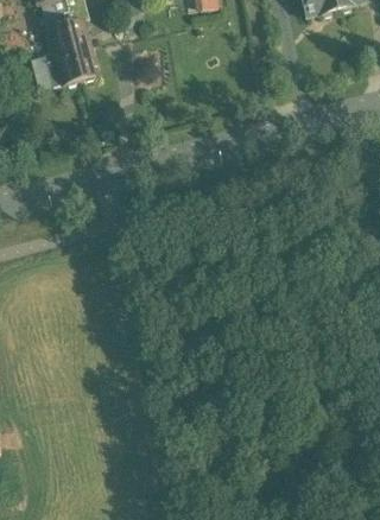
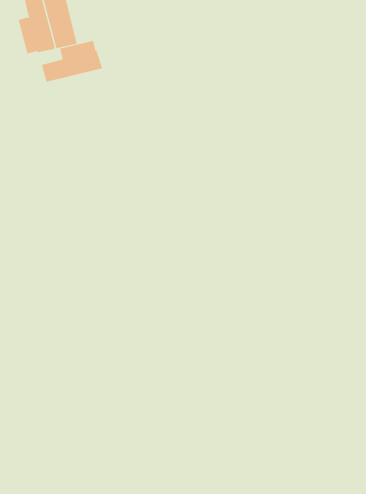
building: none -> [41,40,103,82]

